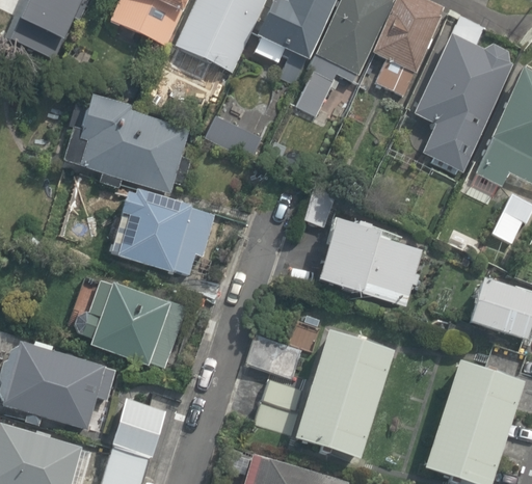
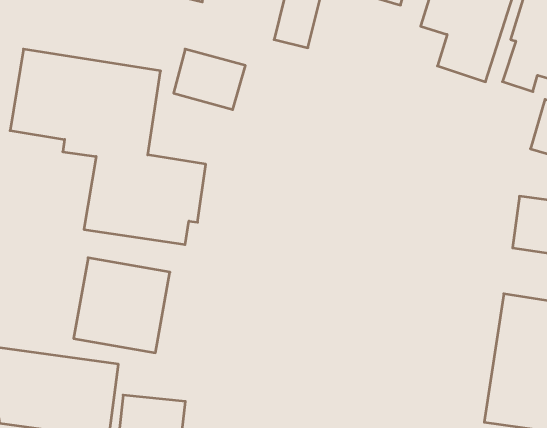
building: [299,204,427,310] -> none
building: [241,322,396,458] -> none

